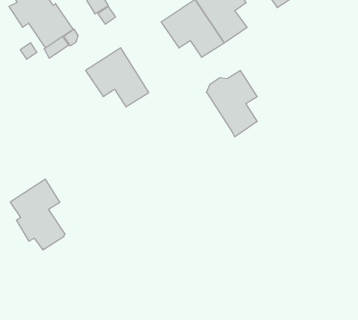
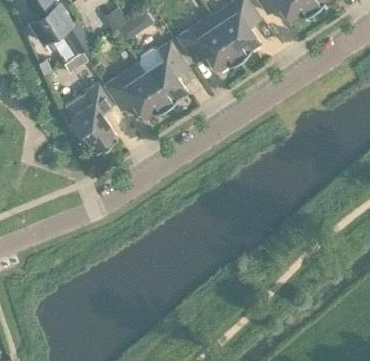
building: [206,71,257,137] -> [138,42,188,107]
building: [10,179,65,250] -> [64,84,117,152]

